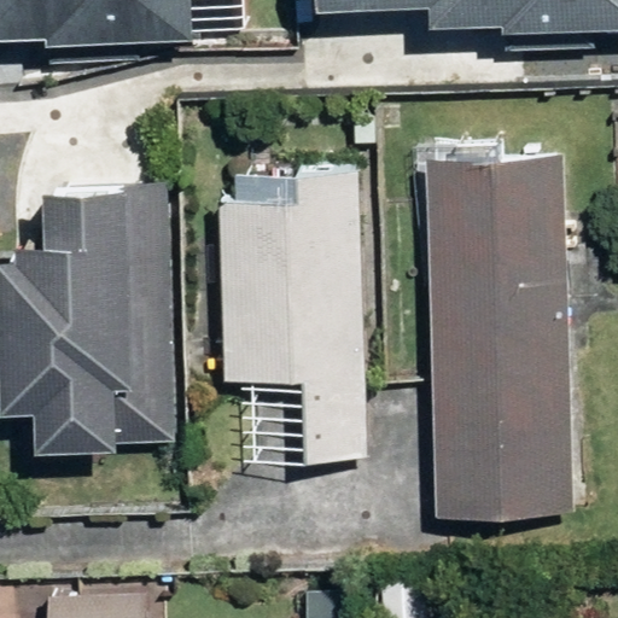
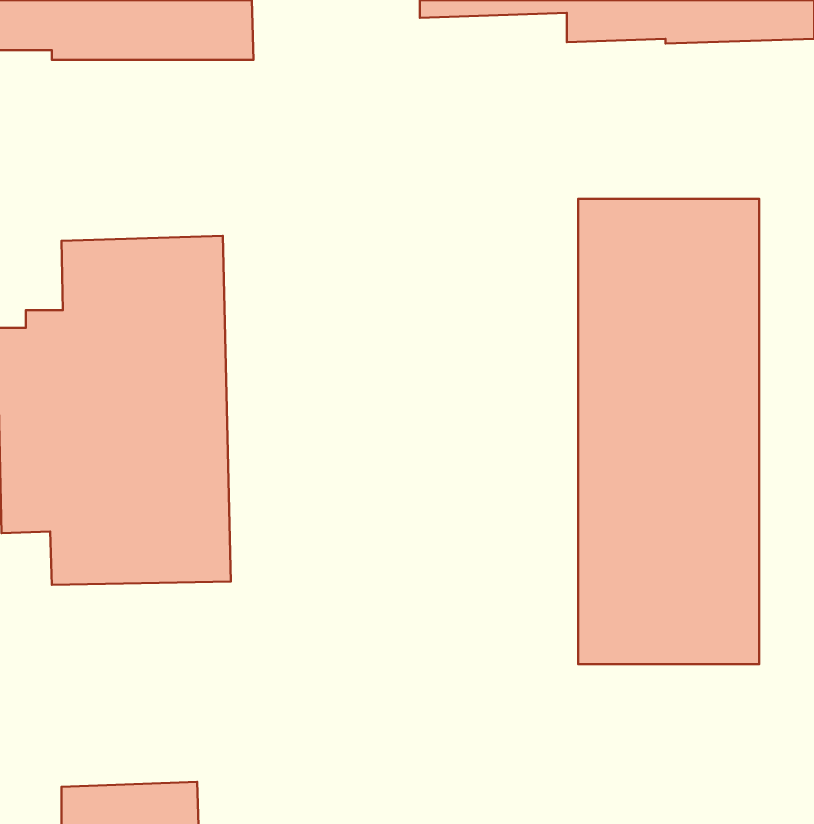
building: [222,164,358,448] -> none

